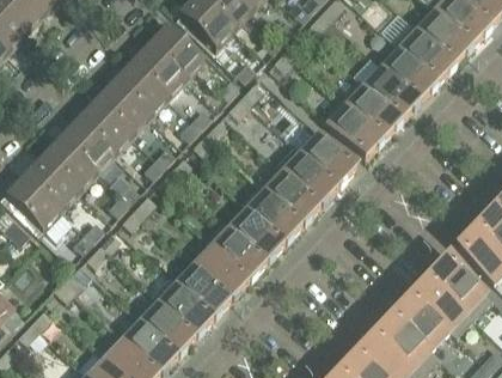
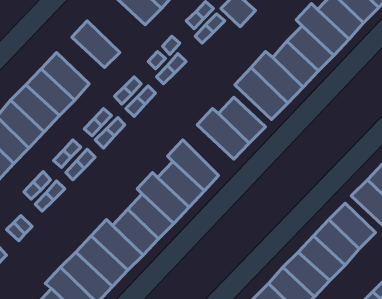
building: [147,23,203,79] -> none
building: [111,61,167,116] -> none
building: [259,164,319,224] -> none

